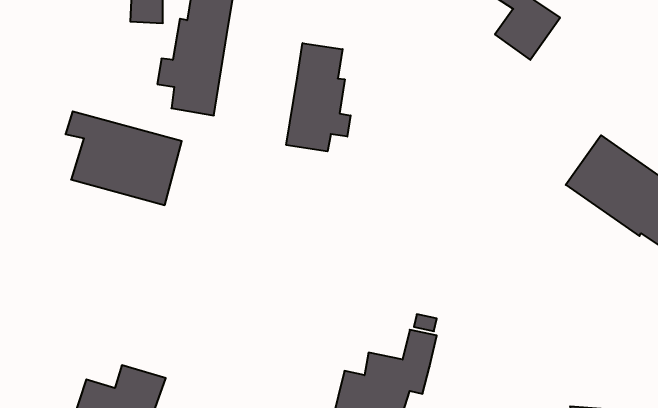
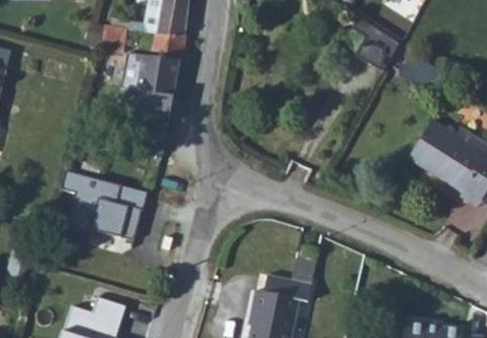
building: [286,43,351,151] -> none
building: [65,111,182,205] -> [61,172,145,239]

